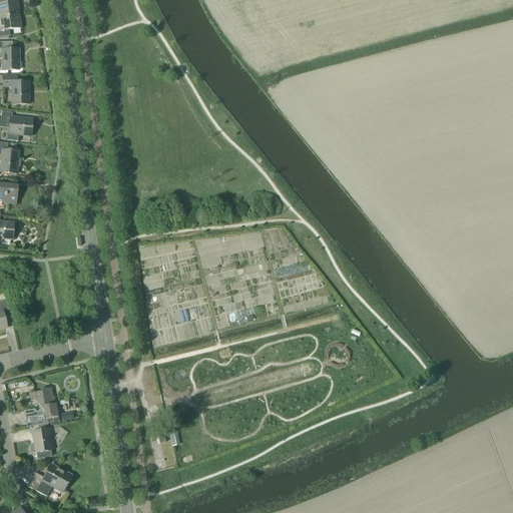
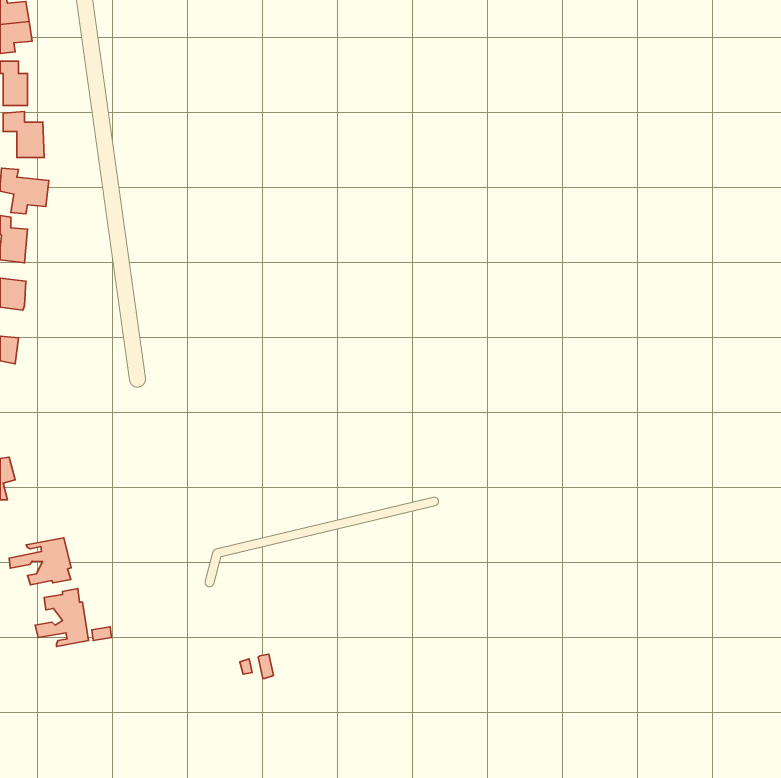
building: none -> [9,538,71,585]
building: [31,427,52,452] -> none
building: [27,464,71,495] -> none

